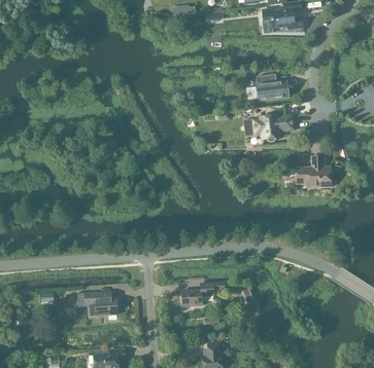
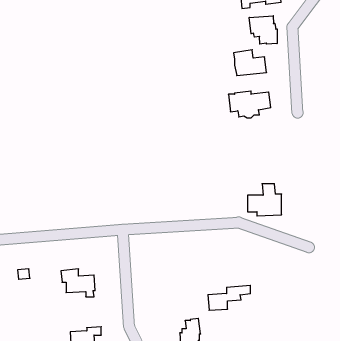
building: none -> [249,16,277,44]
building: [296,156,330,188] -> [248,184,282,216]
building: [181,282,224,306] -> [208,285,250,310]

